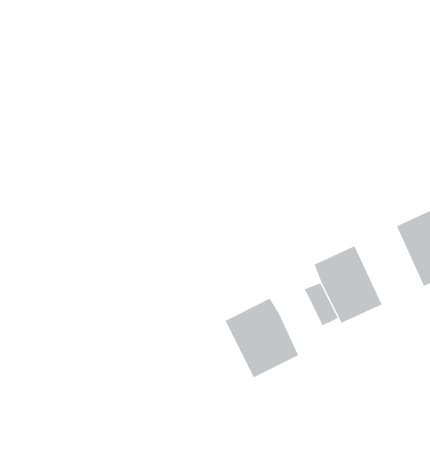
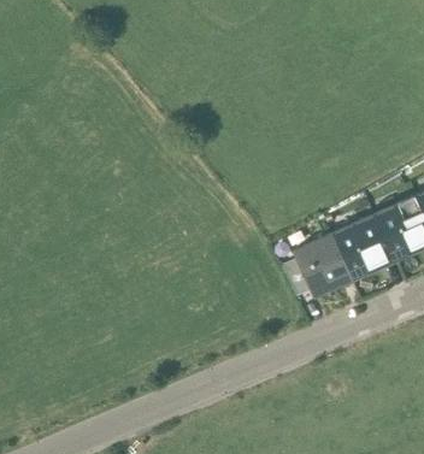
building: none -> [342,208,402,277]
building: [225,298,299,378] -> none

